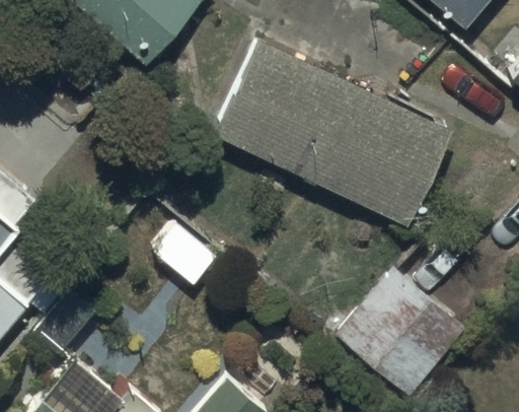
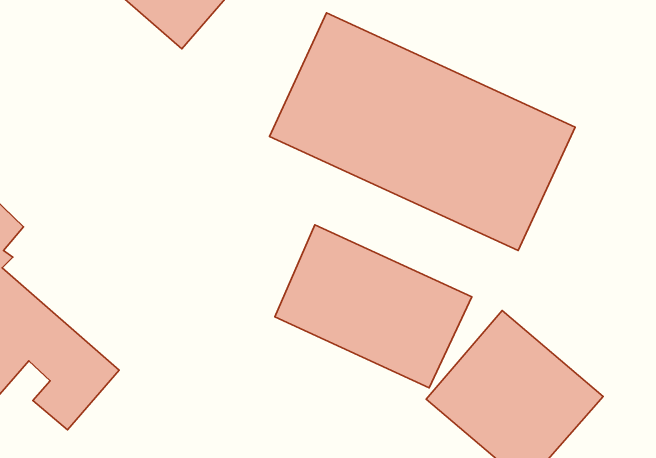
building: none -> [275,225,472,388]

